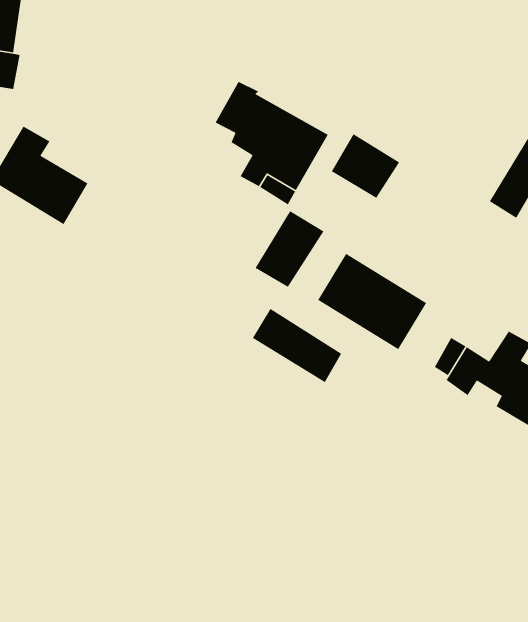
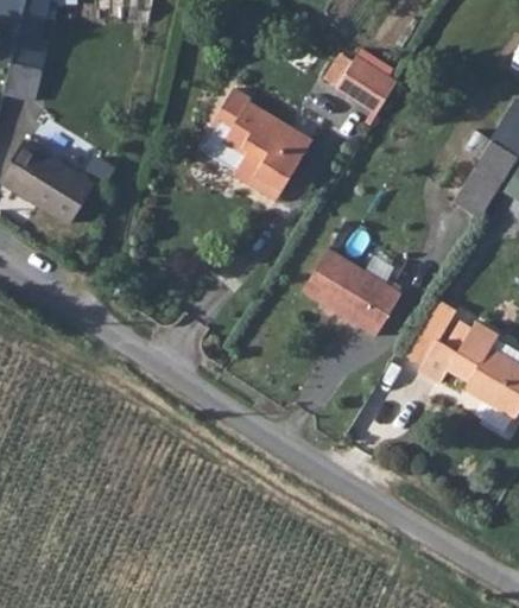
building: [331,133,400,199] -> [336,55,399,114]
building: [254,210,324,288] -> none
building: [252,308,342,383] -> none

